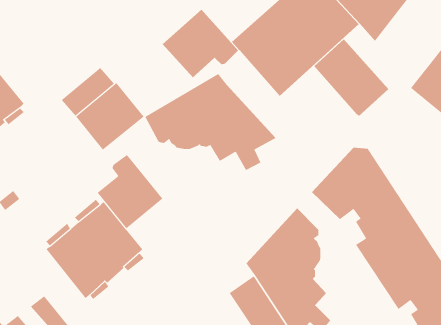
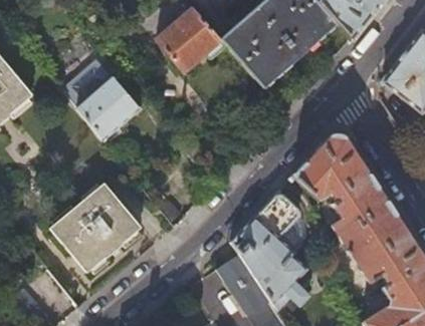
building: [314,39,389,117] -> none
building: [144,73,277,171] -> none
building: [97,154,163,229] -> none

